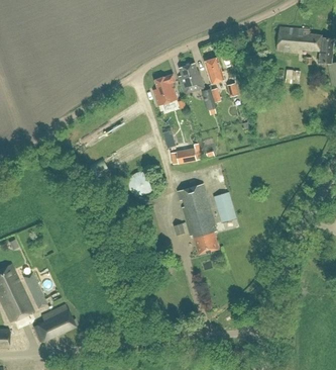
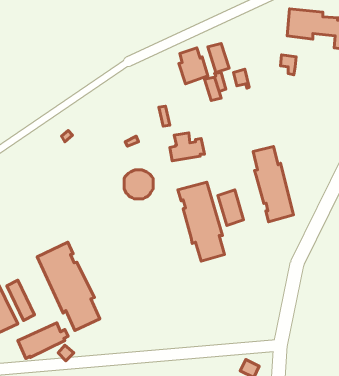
building: [154,75,177,104] -> none
building: none -> [253,146,294,222]
building: none -> [37,242,100,330]

